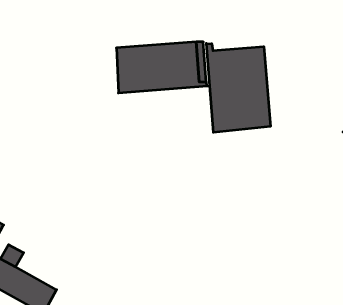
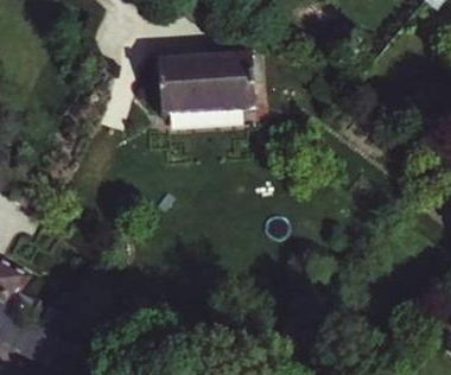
building: [206,43,270,132] -> none

